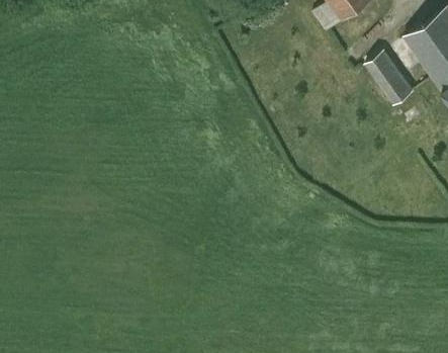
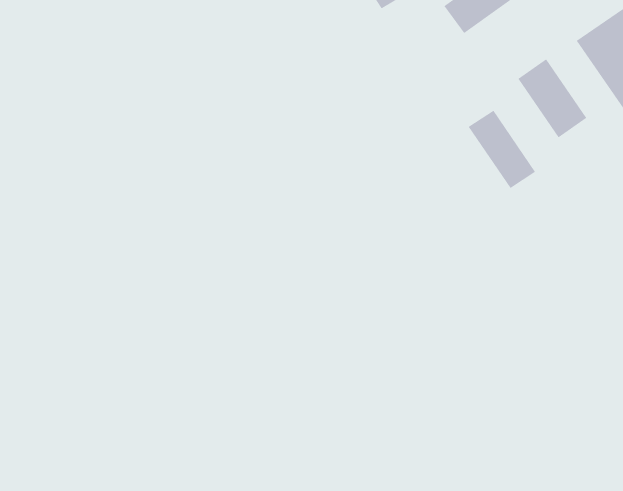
building: none -> [468,110,536,189]

